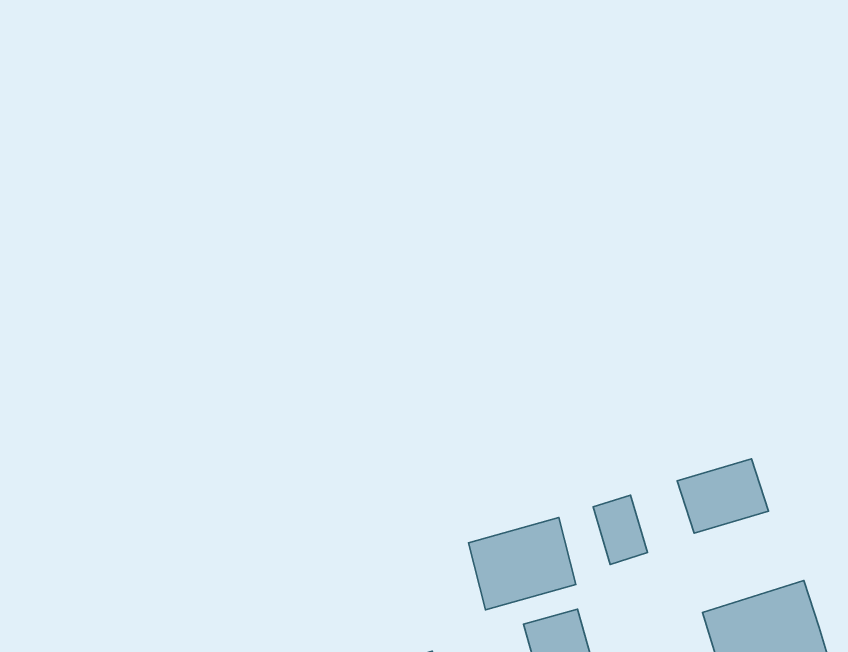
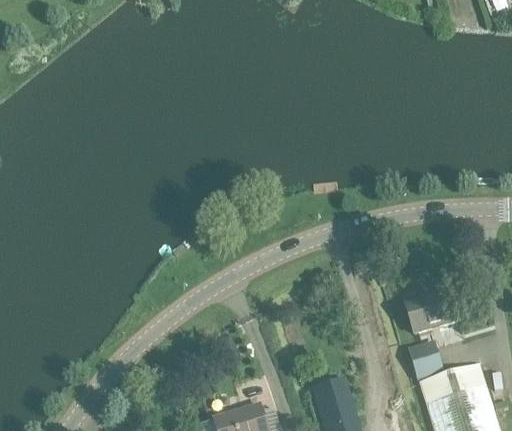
building: [593,495,647,564] -> [409,337,441,378]
building: [468,518,576,610] -> none

